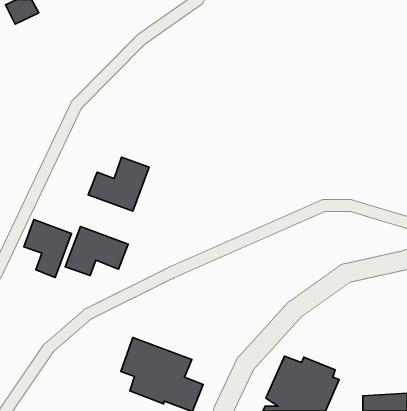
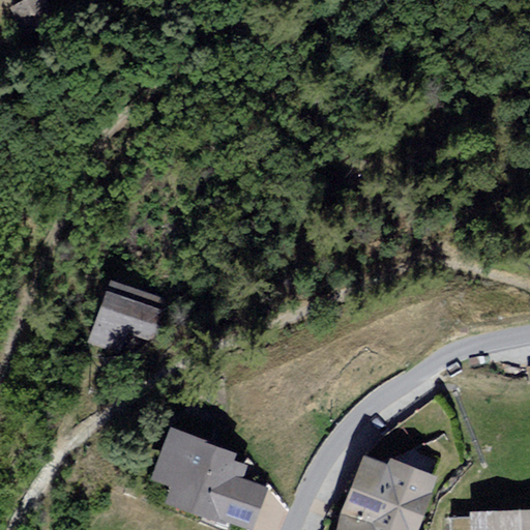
building: [88,157,149,211] -> none
building: [24,220,71,278] -> none

